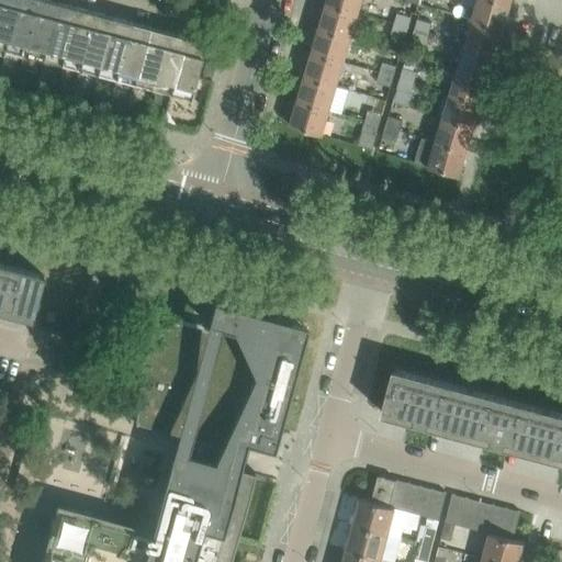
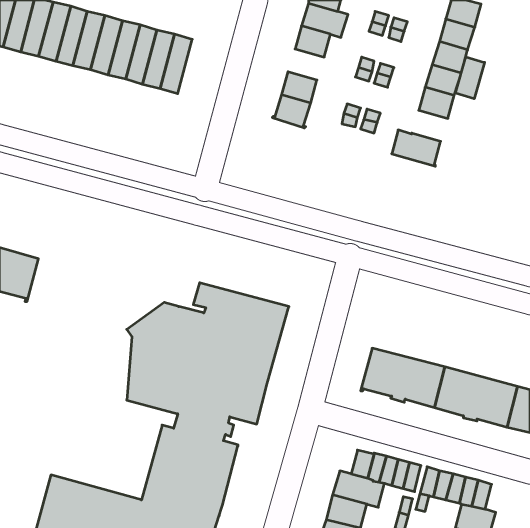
building: [304,55,342,88] -> none
building: none -> [456,57,485,99]
building: [435,120,473,153] -> none

